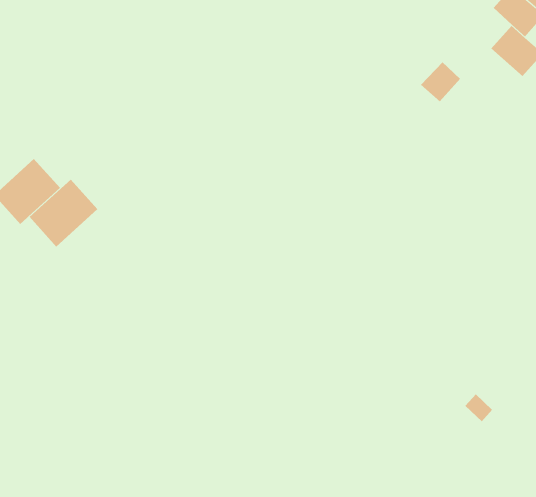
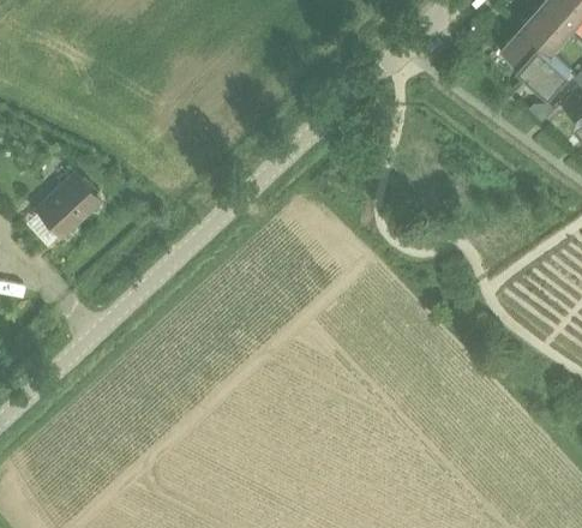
building: [420,61,461,102] -> [499,28,539,67]
building: [29,179,98,247] -> none

